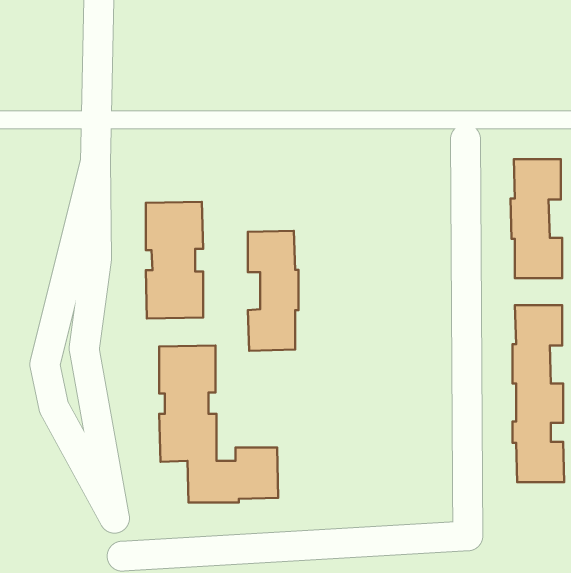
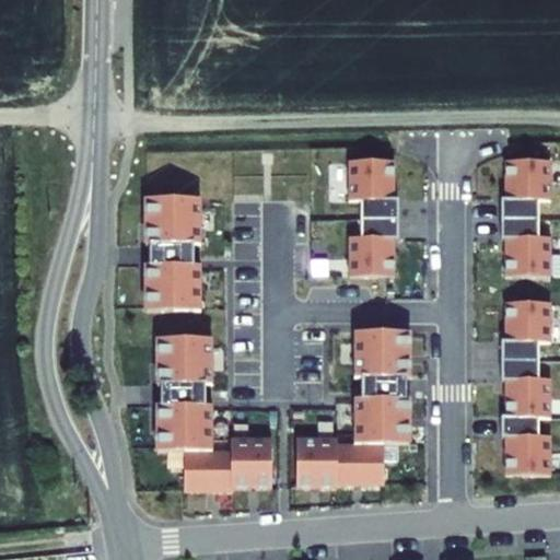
building: [248,231,298,351] -> [348,156,397,273]
building: none -> [298,328,410,486]

